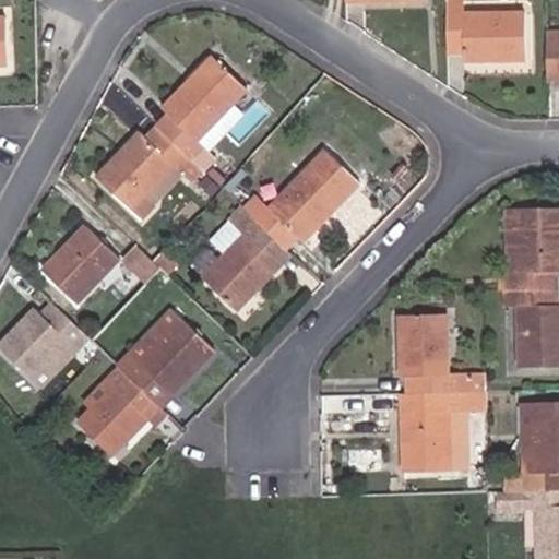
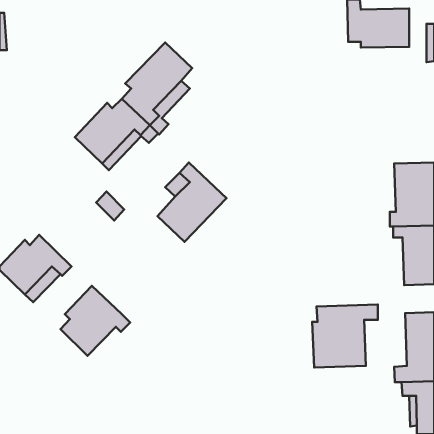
building: [242,148,358,248] -> none
building: [41,224,121,304] -> none
building: [118,308,215,403] -> none
building: [397,313,485,393] -> none

